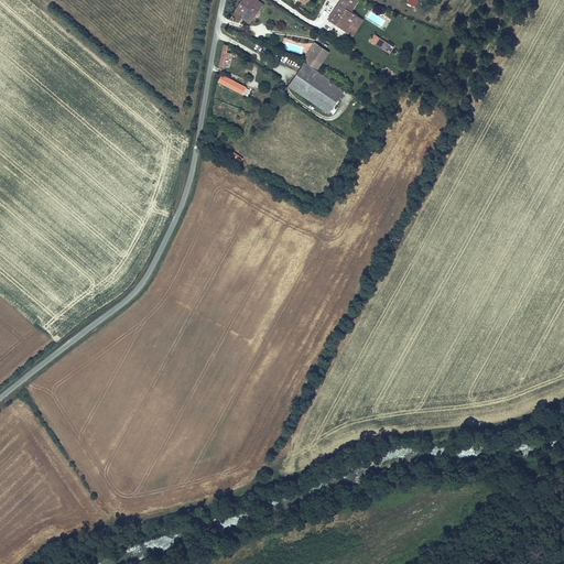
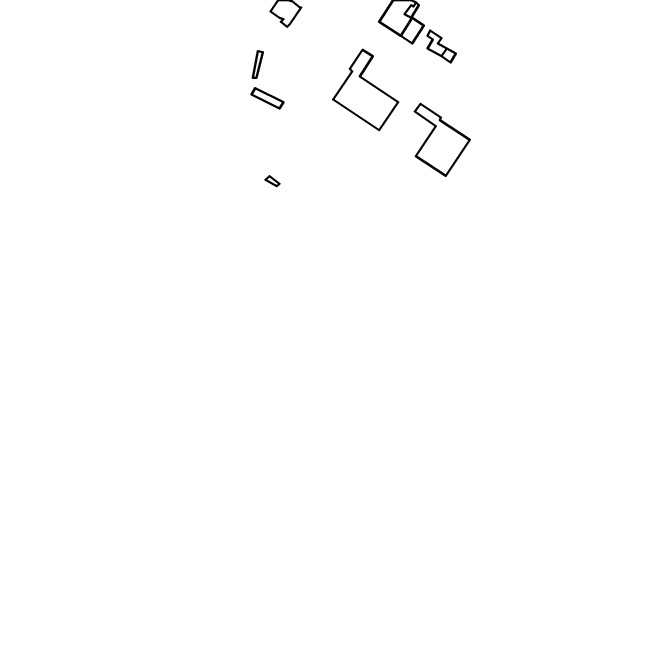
building: none -> [415,104,470,176]

